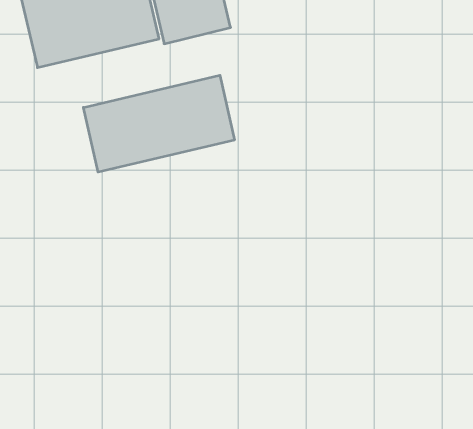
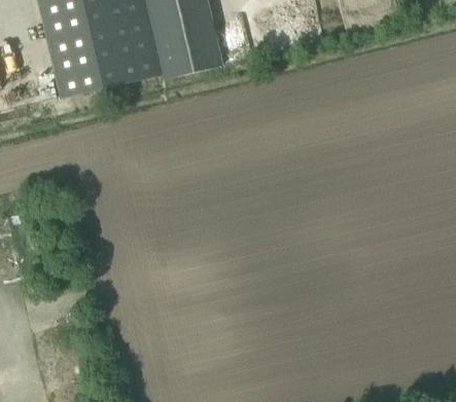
building: [83,75,234,172] -> none

